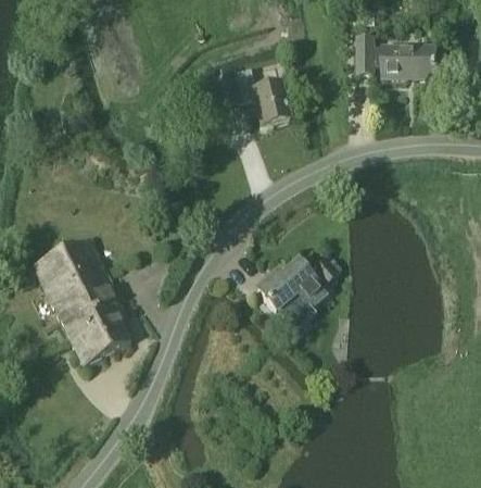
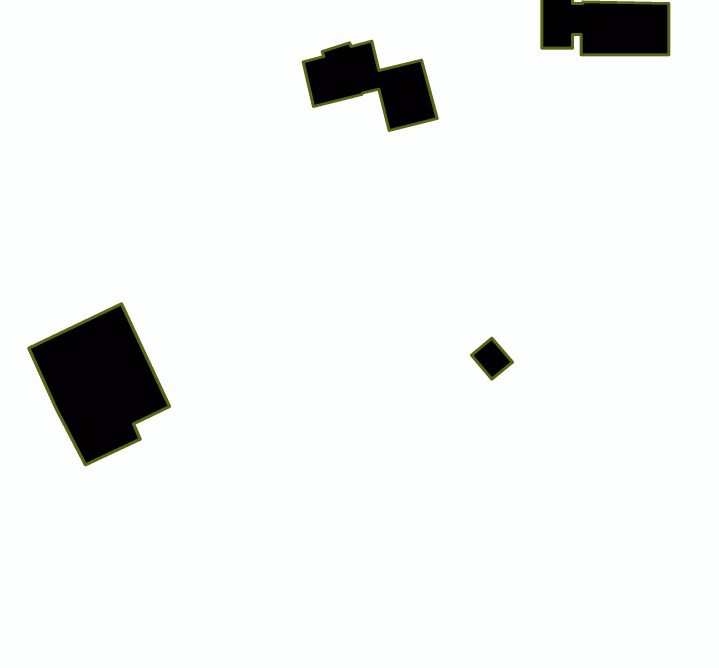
building: [255,261,324,311] -> none
building: [67,301,130,365] -> none

